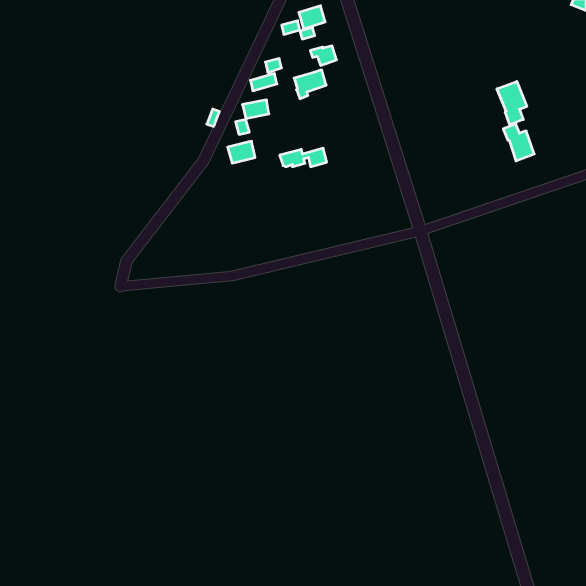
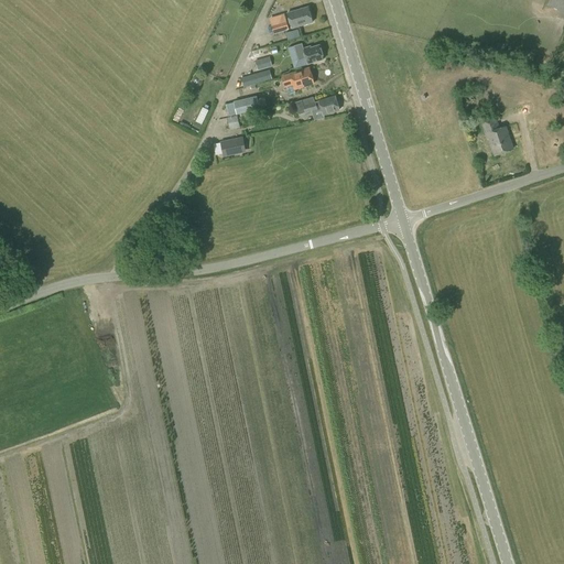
building: [497,81,527,125] -> none
building: [280,148,327,167] -> [292,96,337,113]

